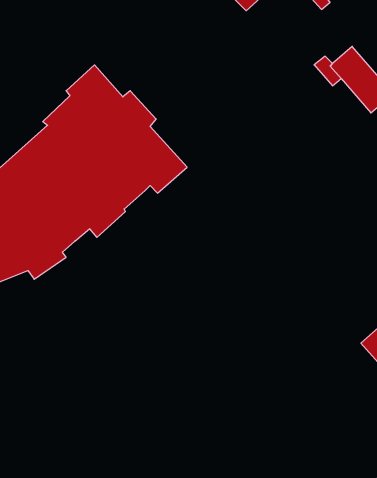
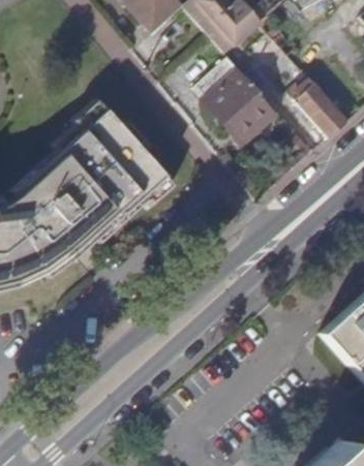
building: none -> [199,57,280,144]

